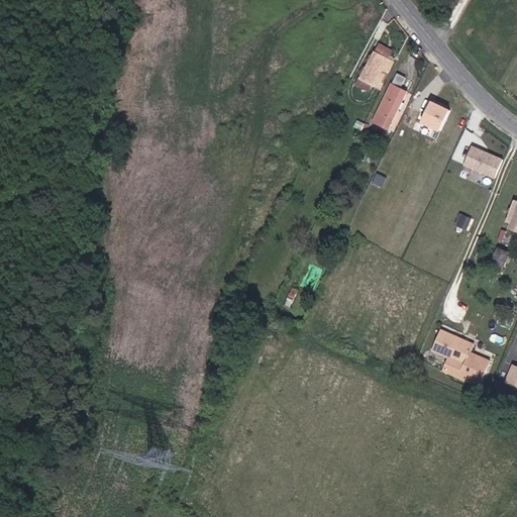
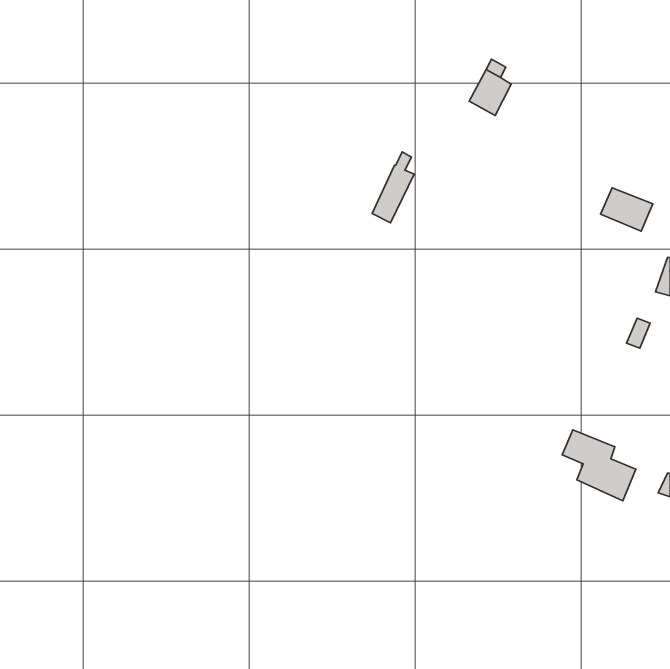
building: [374,72,406,126] -> [372,152,414,223]
building: [421,97,451,128] -> none

